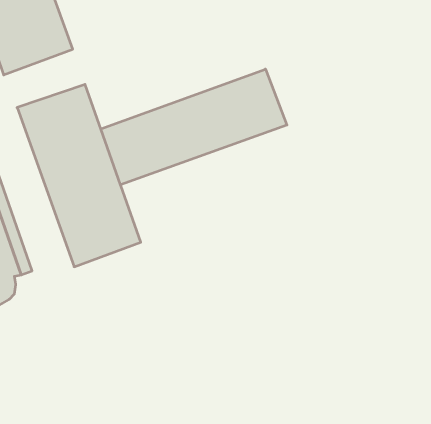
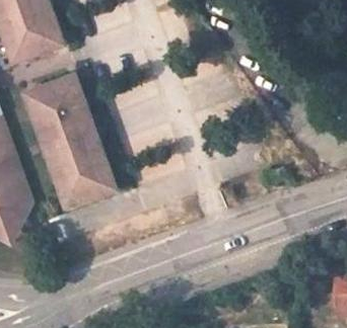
building: [101,69,287,185] -> none

